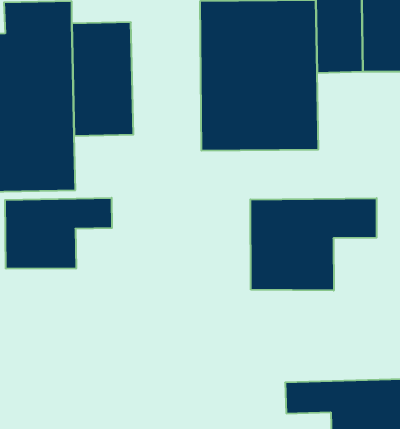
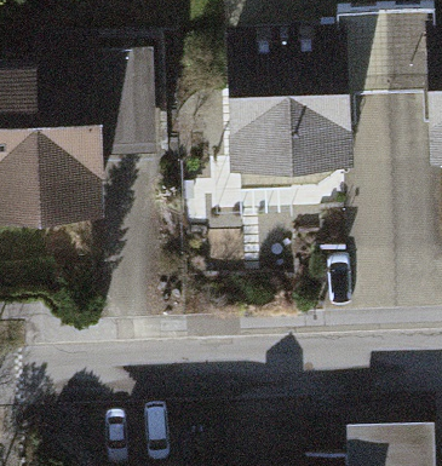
building: [5,198,112,269] -> none
building: [250,198,377,291] -> none

